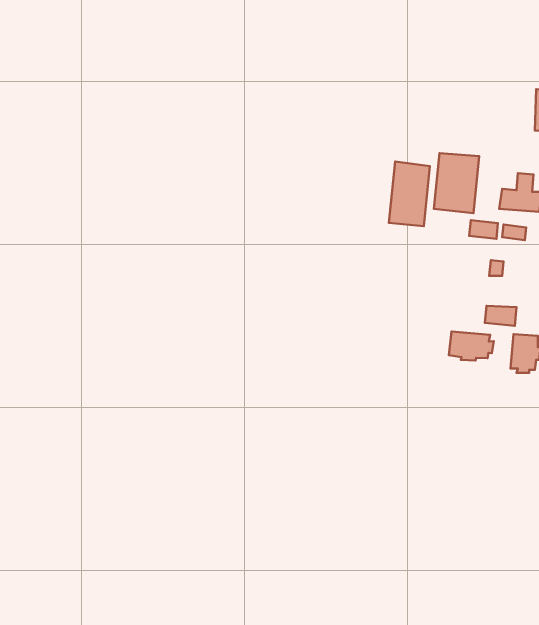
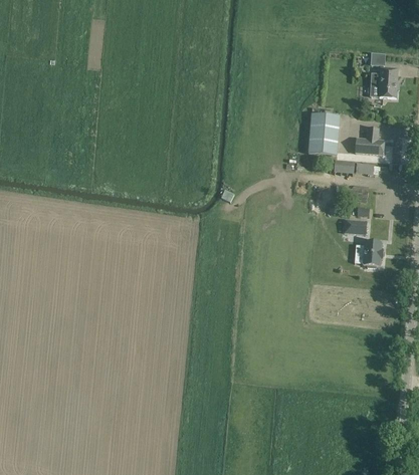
building: [389,162,430,226] -> none
building: [449,332,494,361] -> none

